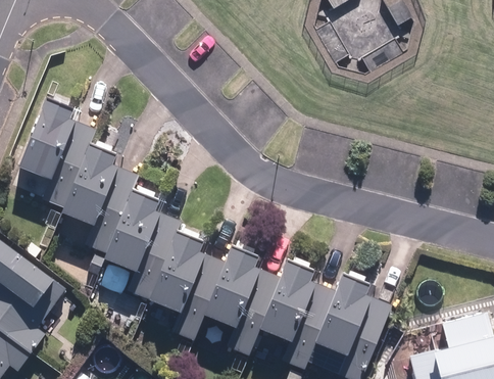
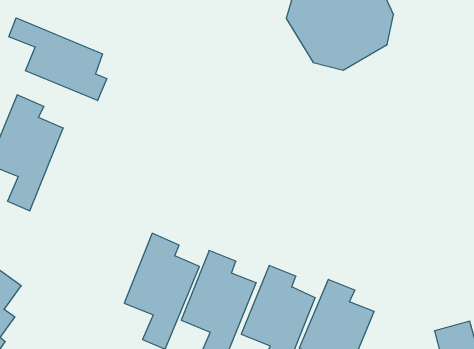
building: none -> [9,18,107,101]
building: [66,145,137,253] -> none
building: [109,191,181,300] -> none

